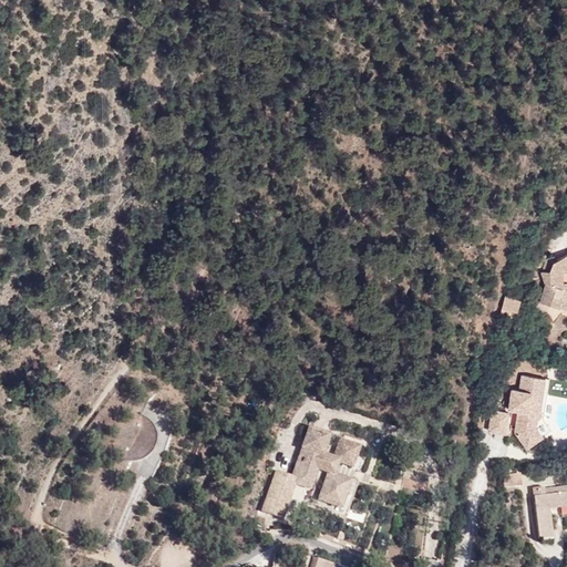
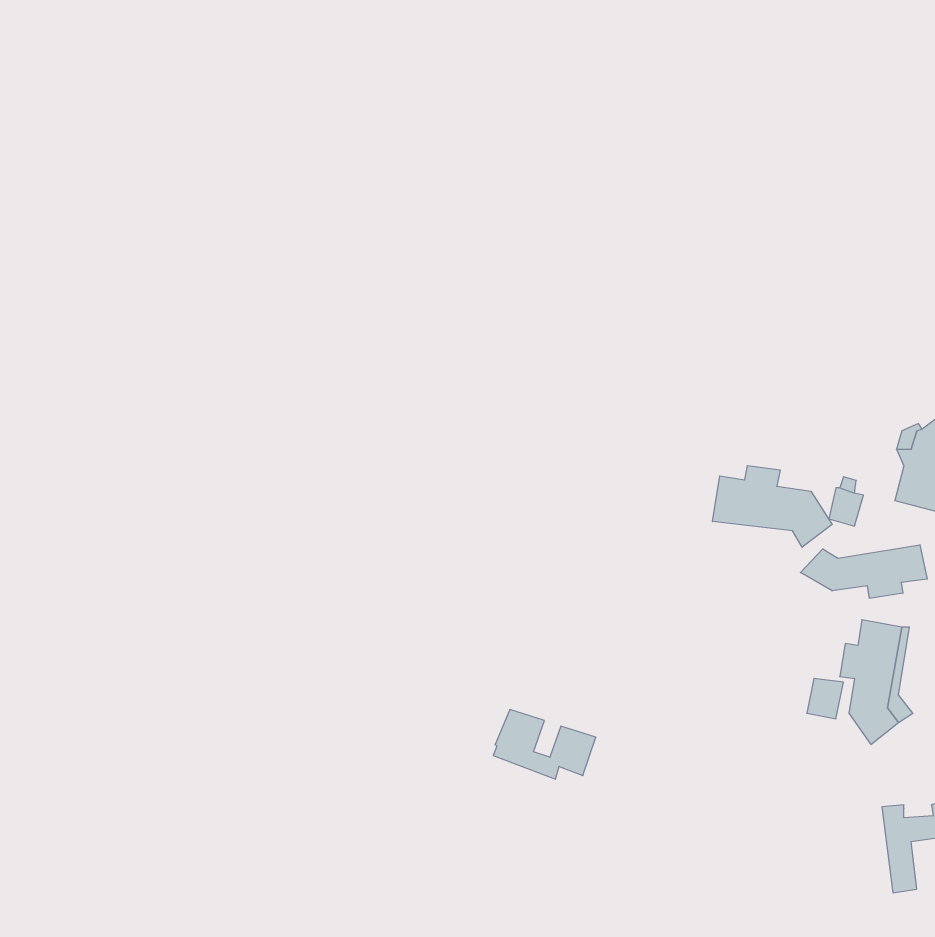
building: none -> [713,466,832,547]
building: none -> [800,545,927,598]
building: [261,456,352,518] -> none

